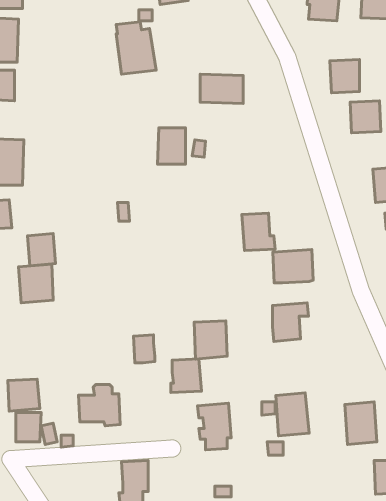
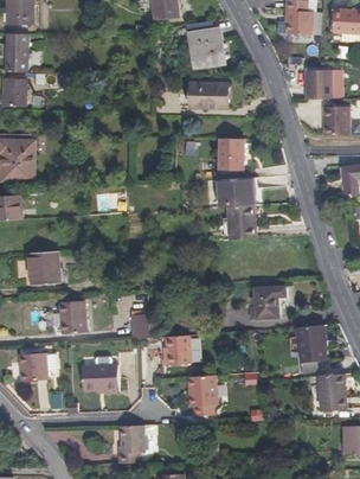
building: [116,22,156,74] -> [187,21,223,68]
building: [157,128,186,164] -> [218,138,243,170]
building: [28,234,55,266] -> none
building: [273,249,313,283] -> [218,177,253,206]
building: none -> [58,300,86,333]
building: [194,321,227,359] -> none
building: [276,393,309,436] -> [297,324,327,362]

